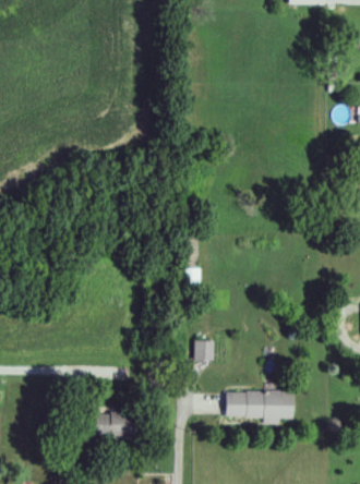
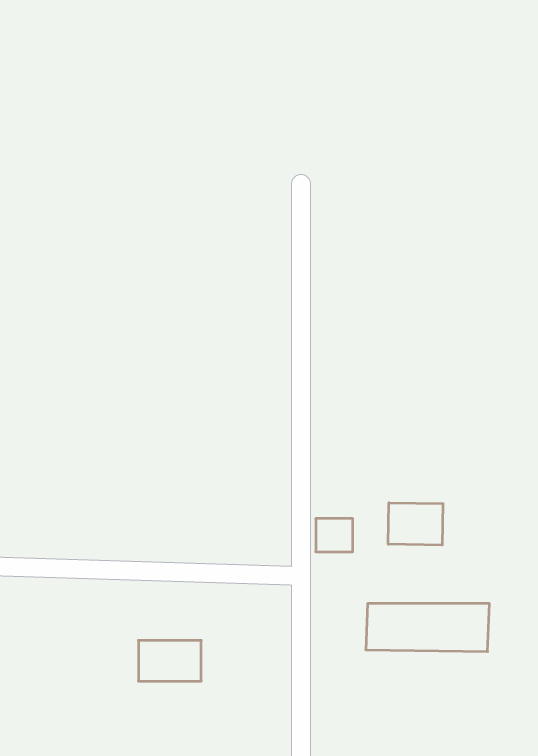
building: none -> [388,503,443,545]

